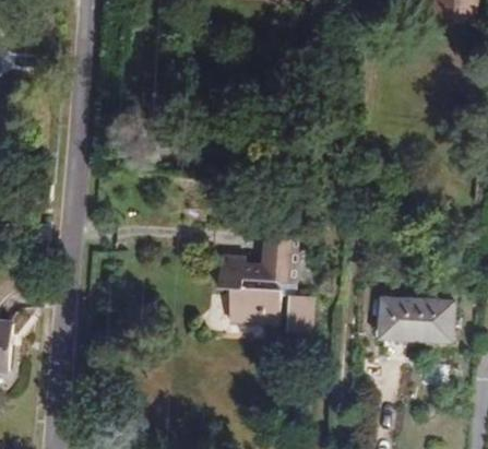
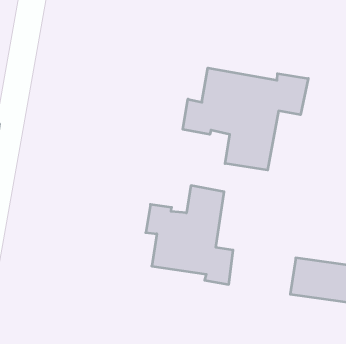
building: none -> [183,68,308,170]

